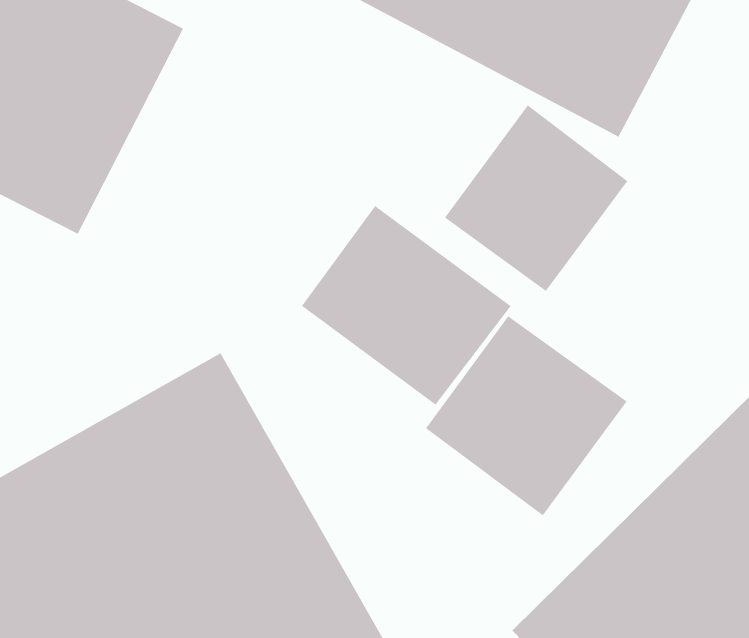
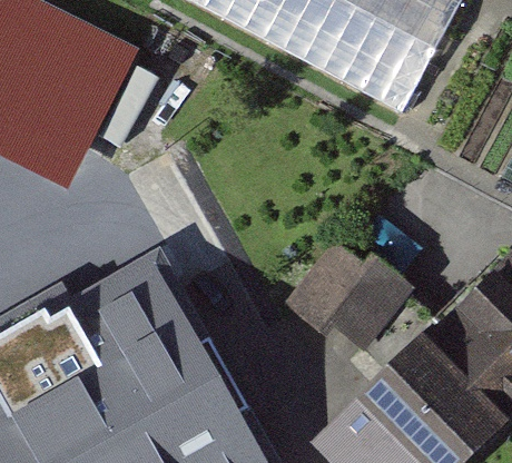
building: [444,105,628,292] -> none
building: [301,205,512,406] -> none

